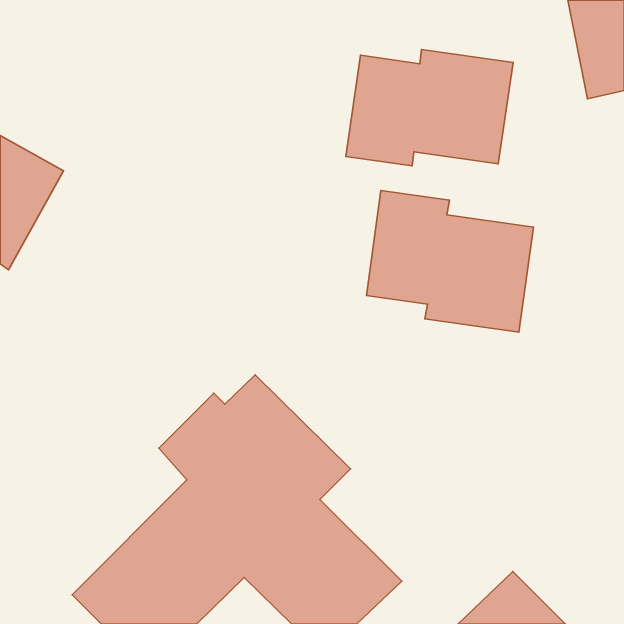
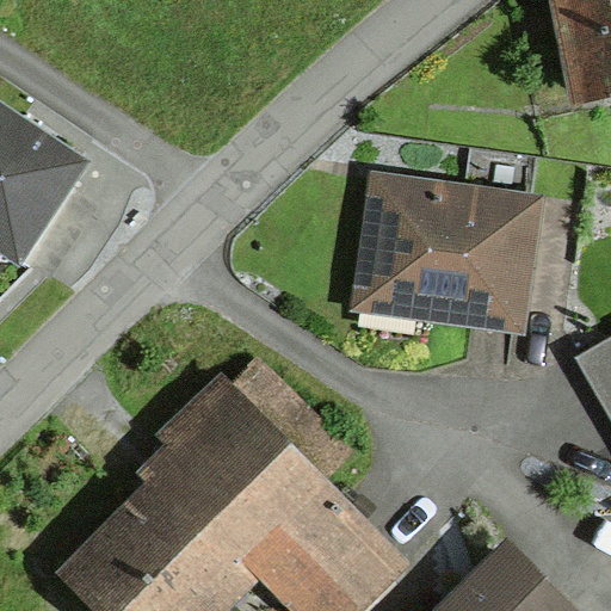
building: [346,49,513,166] -> none

